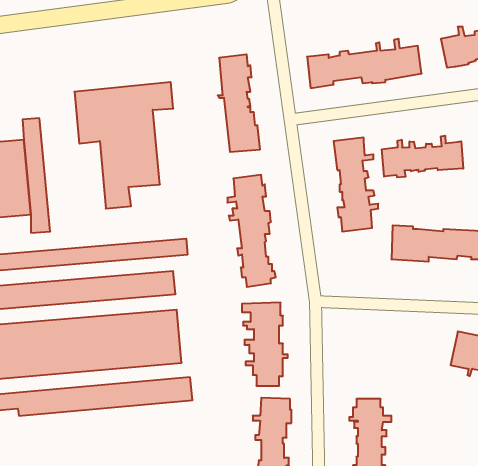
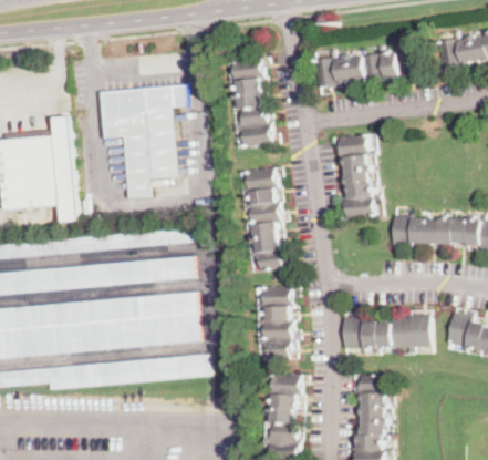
building: [382,136,463,177] -> none
building: none -> [342,310,429,354]

